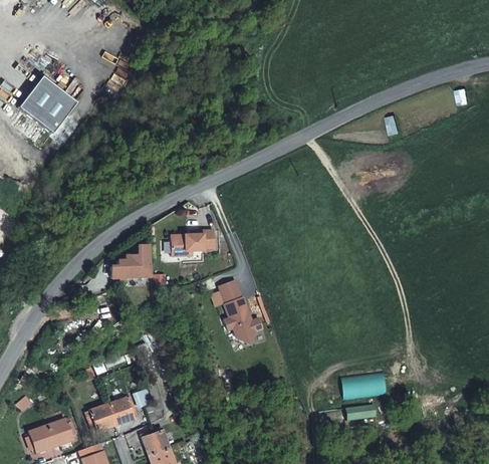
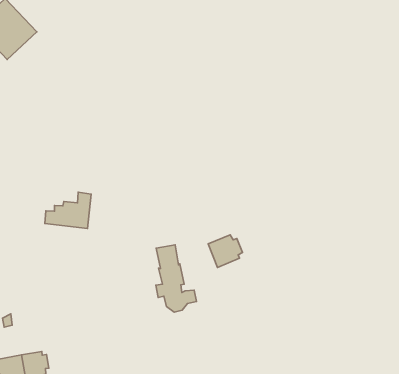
building: [171,229,216,255] -> none
building: none -> [208,235,243,267]

